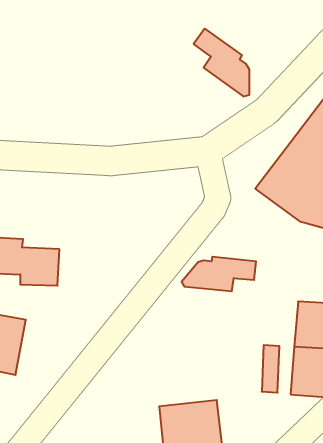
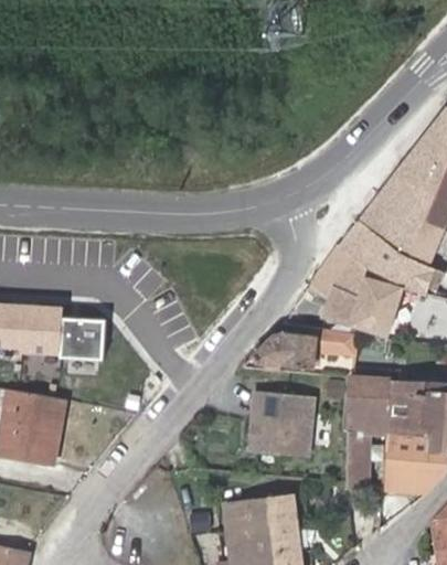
building: [194,29,249,97] -> none
building: none -> [312,246,401,335]
building: none -> [350,376,391,434]
building: none -> [248,391,315,457]

